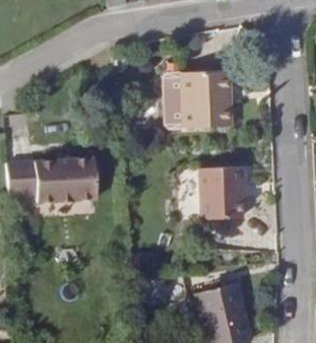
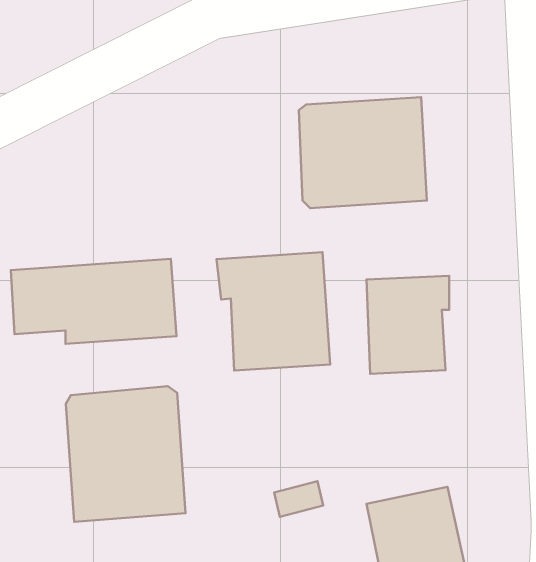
building: none -> [217,252,330,371]
building: none -> [66,386,186,522]

